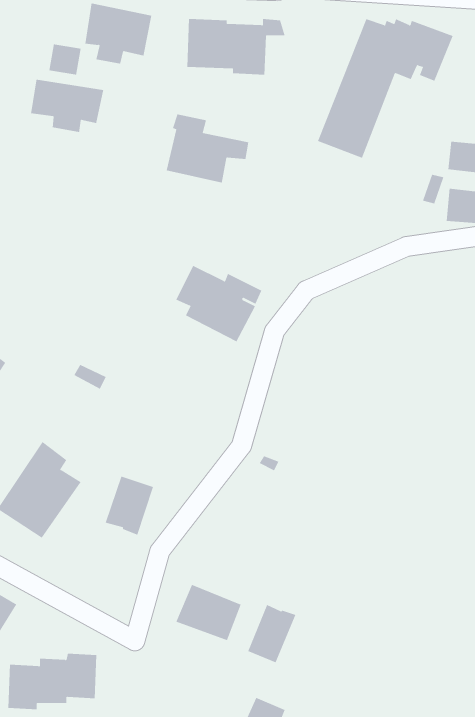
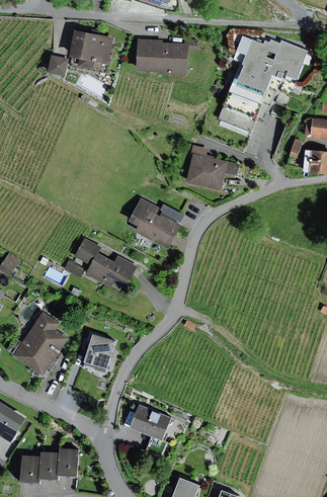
building: [30,79,104,133] -> none
building: [166,114,249,183] -> [185,146,239,190]
building: none -> [73,238,136,288]
building: [248,604,296,663] -> none

